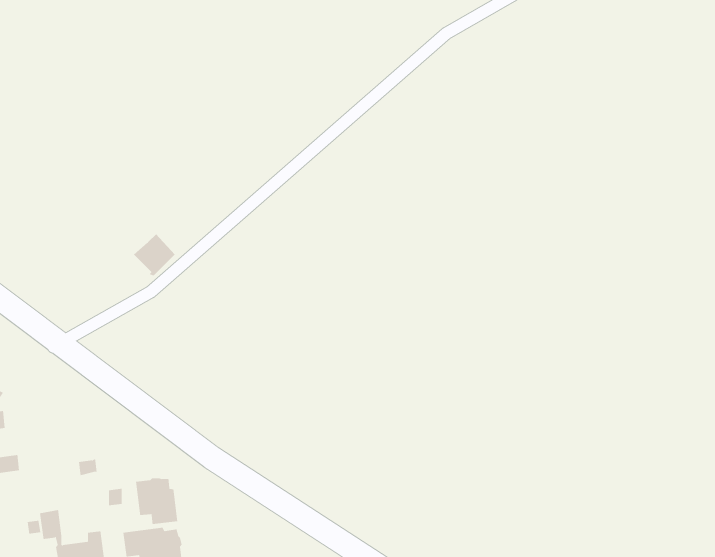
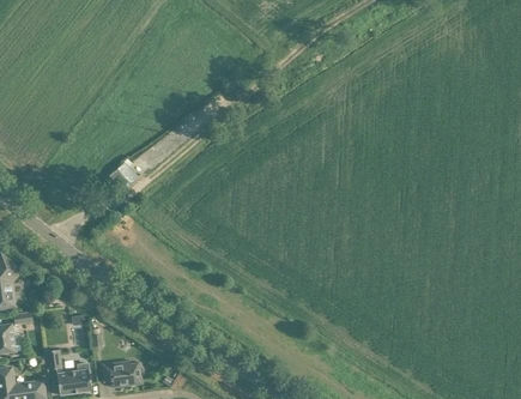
building: [136,477,178,525] -> none

